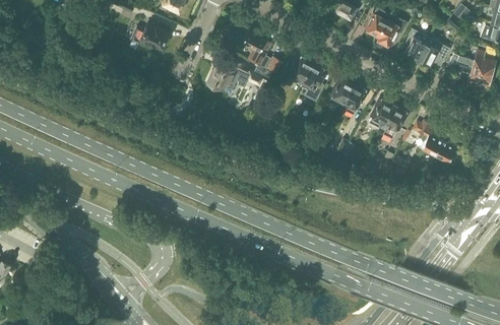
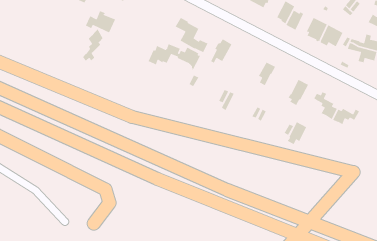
building: none -> [82,28,104,62]
building: [301,62,325,101] -> none
building: [329,76,355,106] -> none
building: [369,98,394,127] -> [287,121,307,145]

